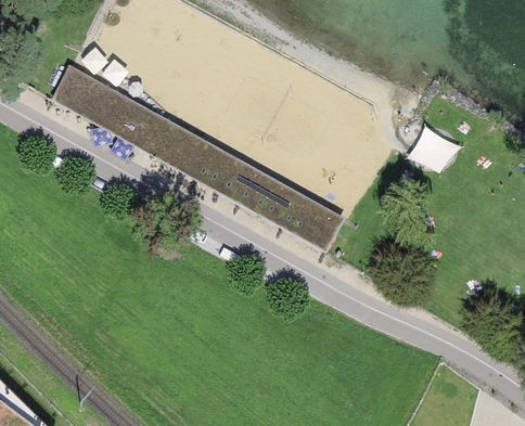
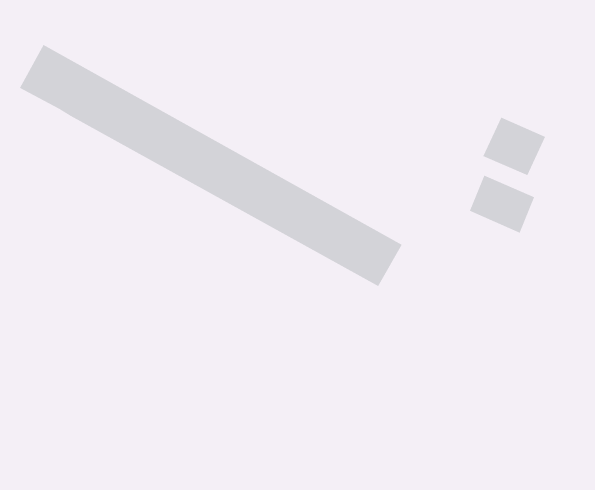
building: none -> [469,174,535,234]

